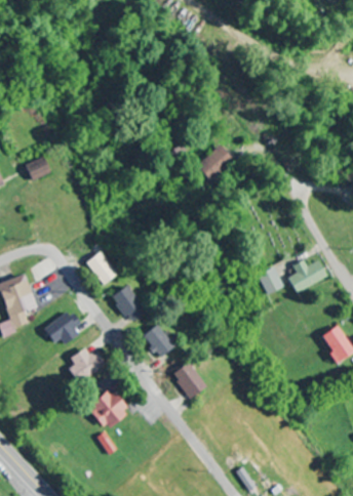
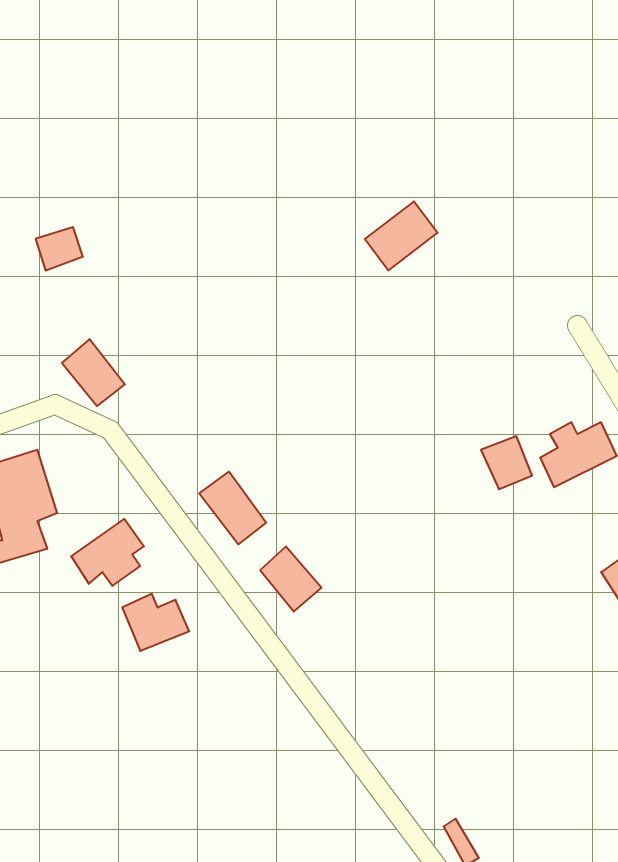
building: [86,250,119,285] -> [62,339,125,406]
building: [172,362,206,399] -> none
building: [86,388,128,429] -> none

